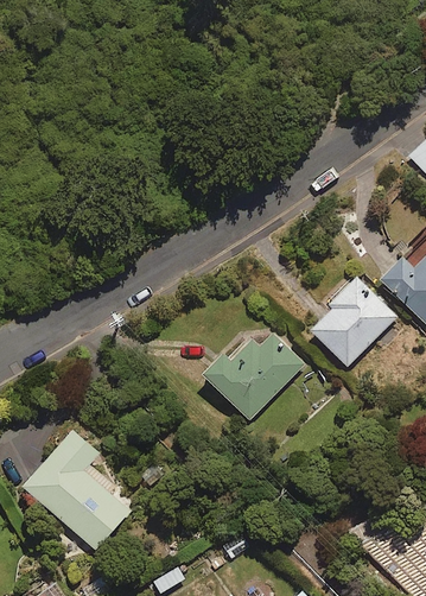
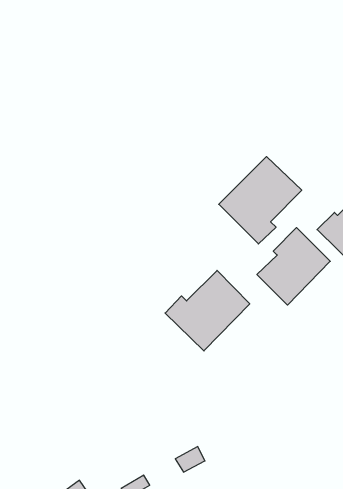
building: none -> [219,157,302,244]
building: [24,432,128,550] -> none

